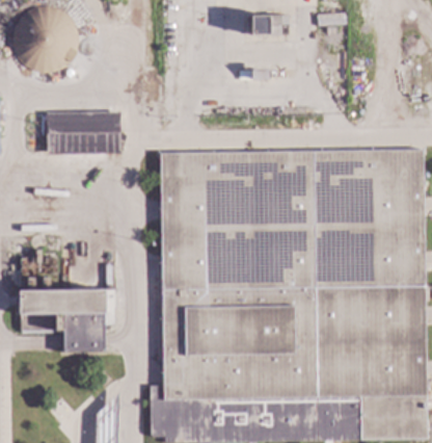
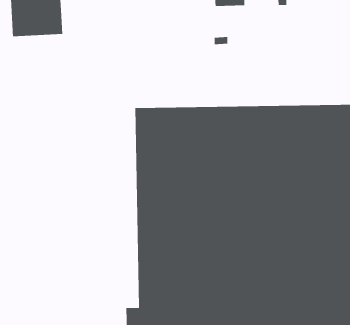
building: [46,110,119,153] -> none
building: [15,288,115,350] -> none

